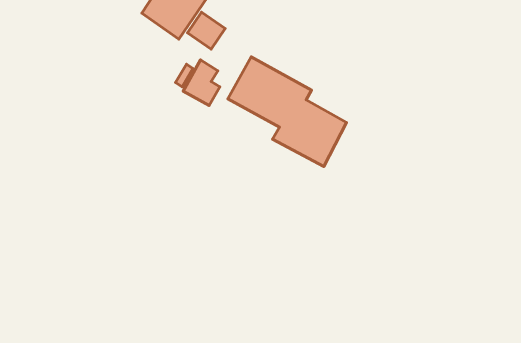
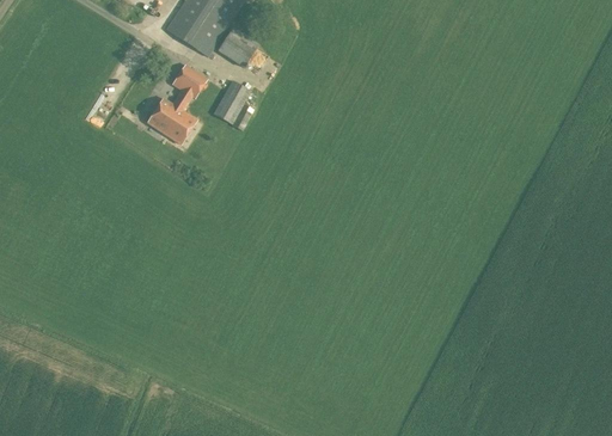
building: none -> [147,65,206,145]
building: [228,57,346,166] -> none

